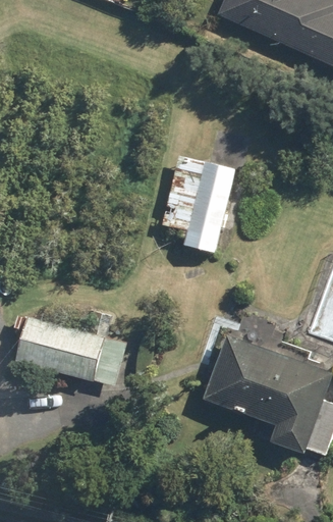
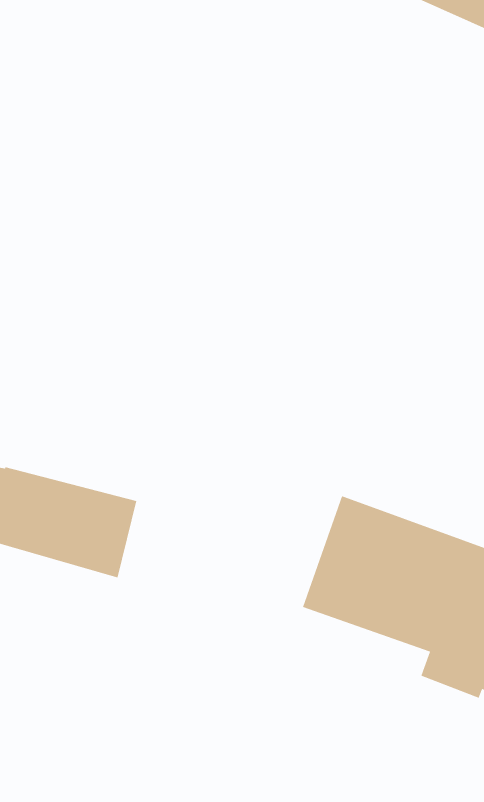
building: [161,155,235,251] -> none

